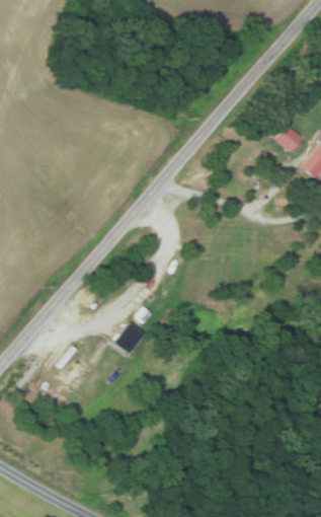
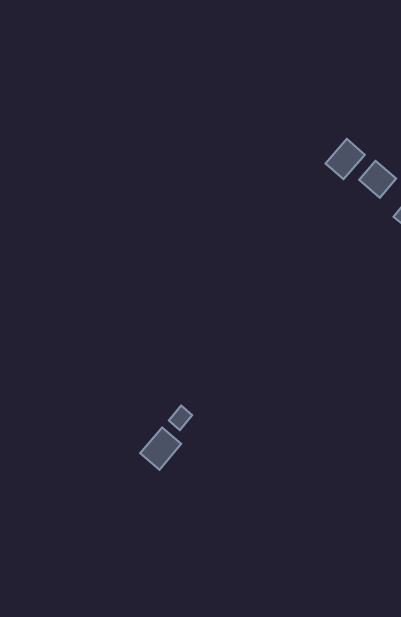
building: none -> [325,139,365,179]

